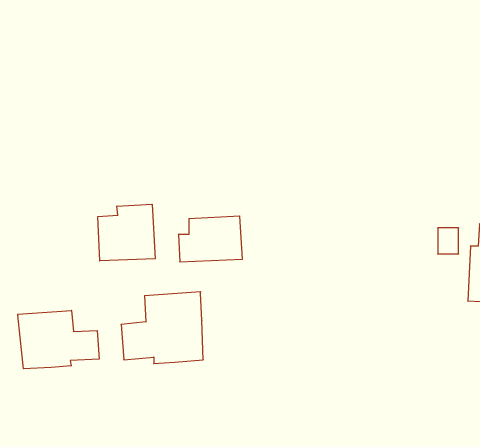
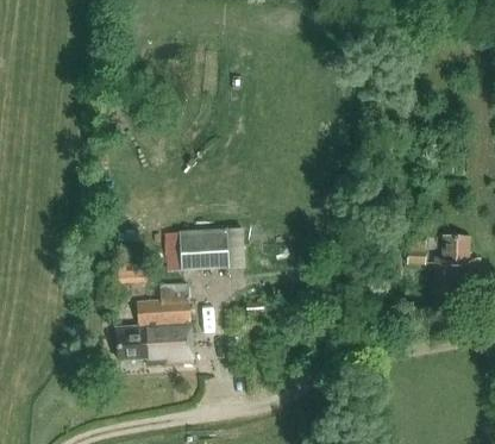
building: [98,204,155,261] -> none
building: [18,310,99,369] -> none

